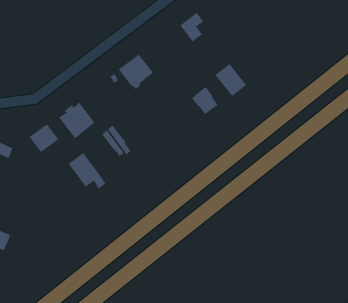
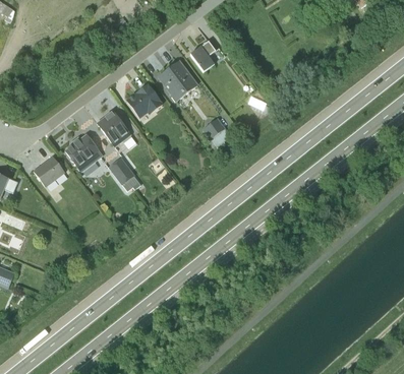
building: none -> [157,59,197,101]
building: [215,63,247,97] -> none
building: [68,152,106,189] -> [96,110,135,148]

